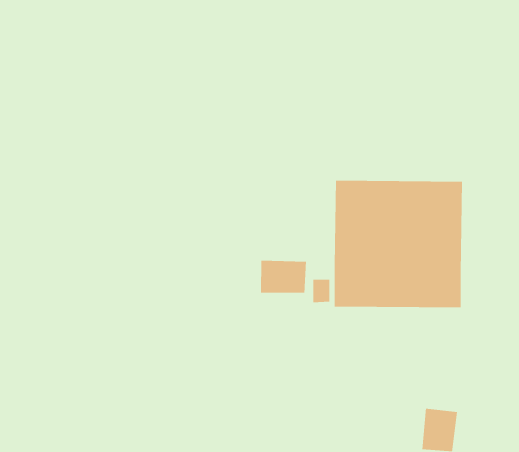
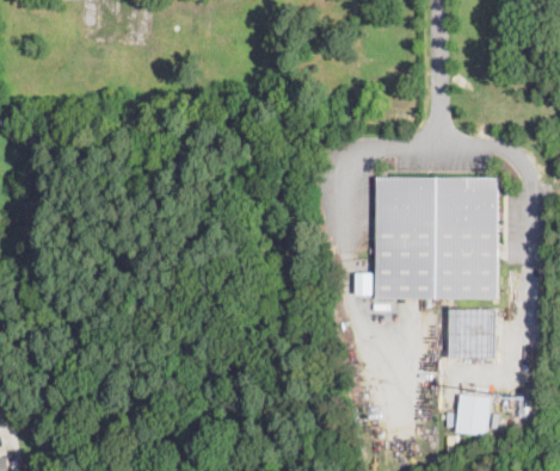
building: [260,260,307,294] -> none
building: none -> [448,309,496,359]

